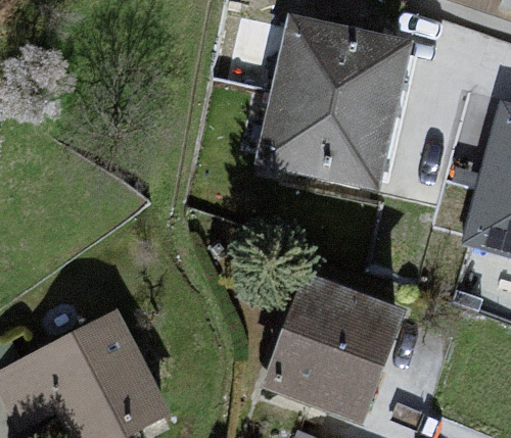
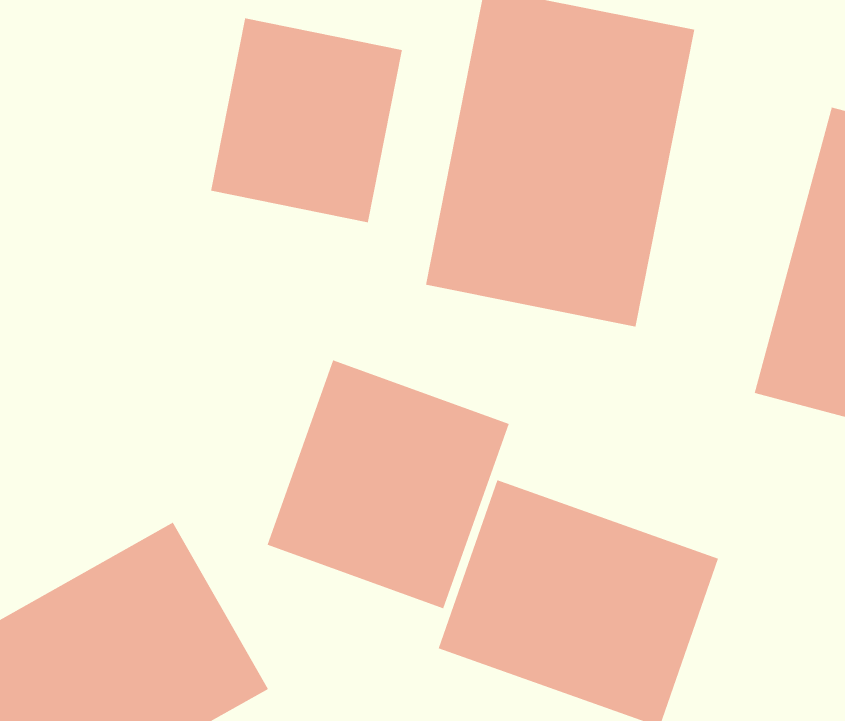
building: none -> [211,17,402,223]
building: none -> [267,360,509,609]

